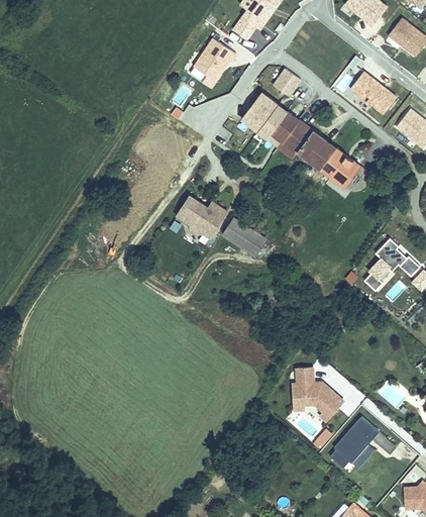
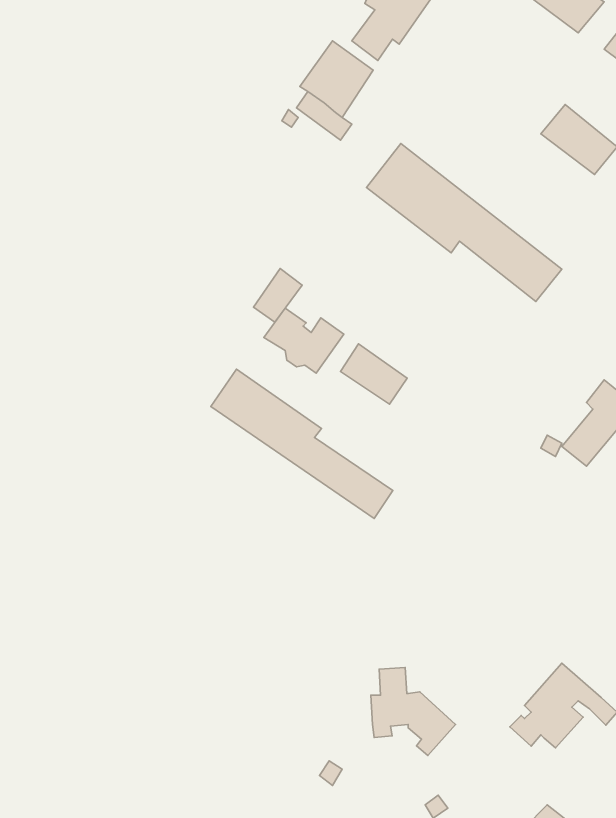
building: [273,70,301,97] -> none
building: none -> [253,269,302,322]
building: none -> [211,369,393,519]
building: [292,366,344,420] -> [371,668,456,755]

